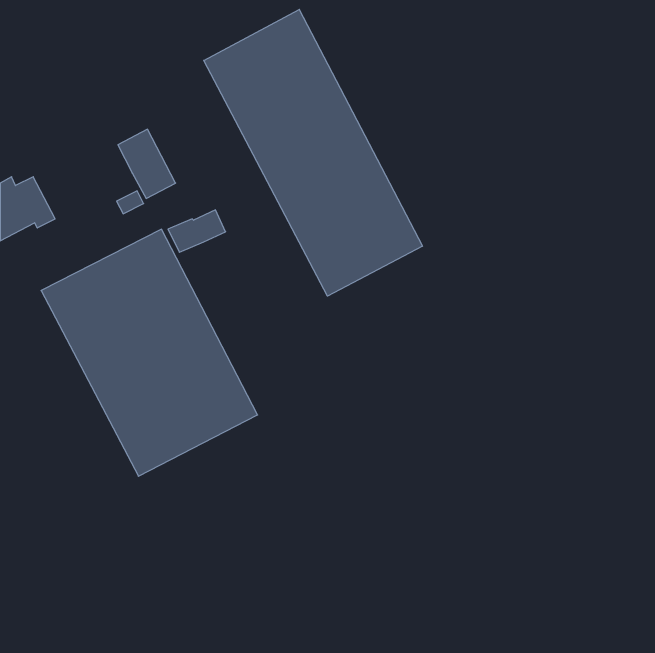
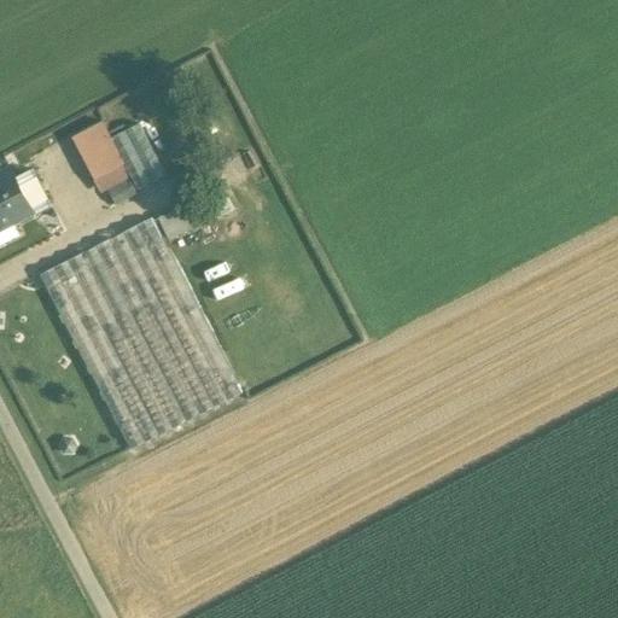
building: [204,9,422,296] -> none
building: none -> [72,121,124,179]

